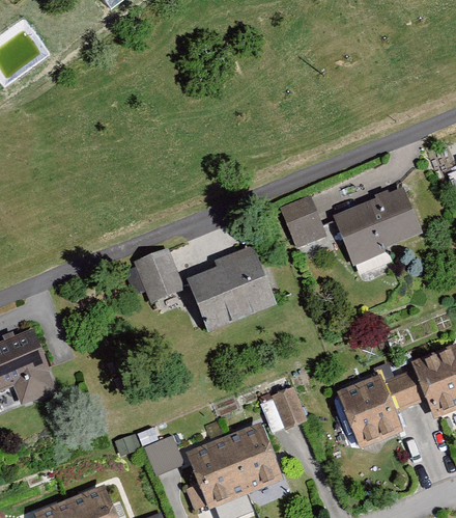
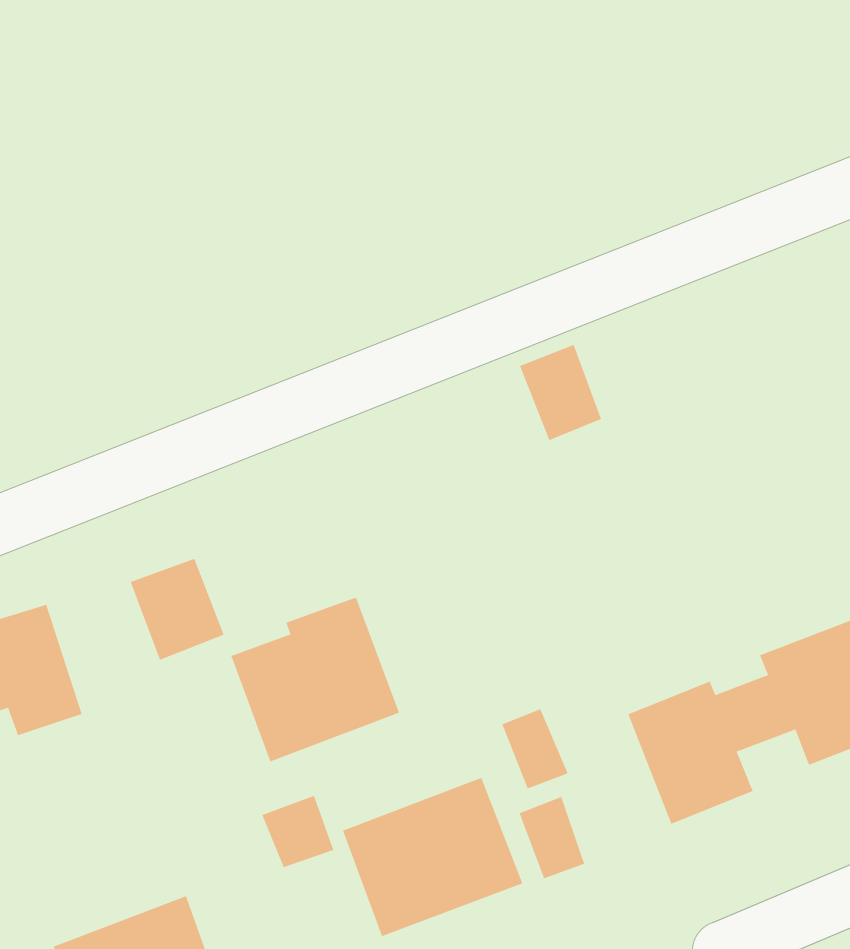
building: [333,185,424,263] -> none
building: [184,247,274,334] -> [230,597,400,762]
building: [134,250,183,304] -> [130,558,224,660]
building: none -> [519,796,585,879]

